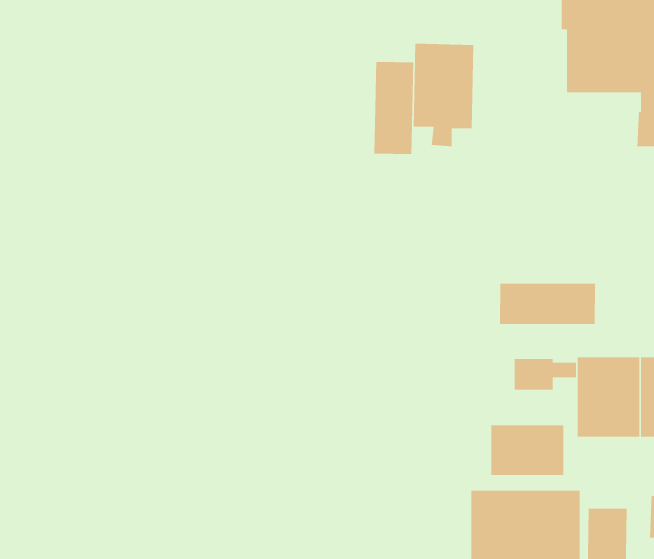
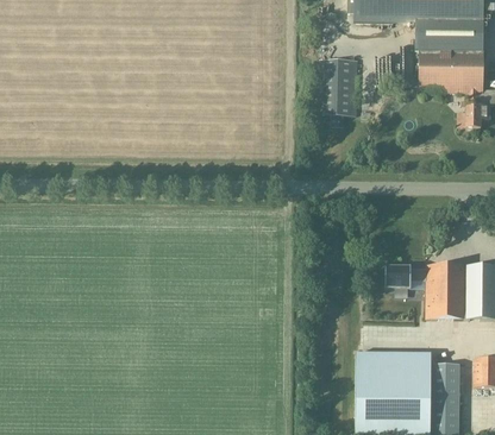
building: [374,61,414,155] -> none
building: [499,283,596,325] -> none
building: [490,424,564,476] -> none

